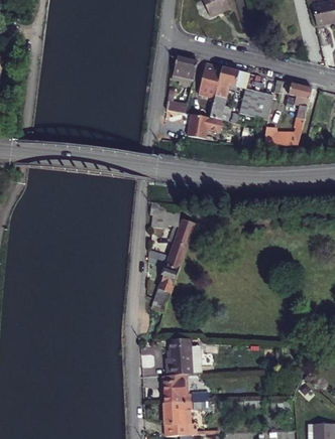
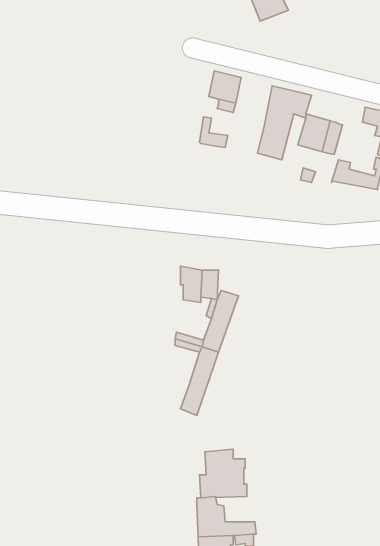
building: [198,63,220,97] -> none
building: [187,114,209,138] -> none

